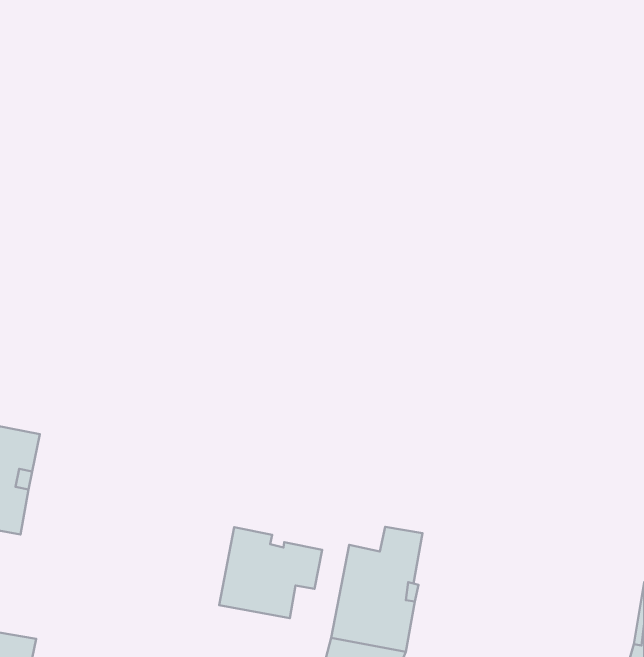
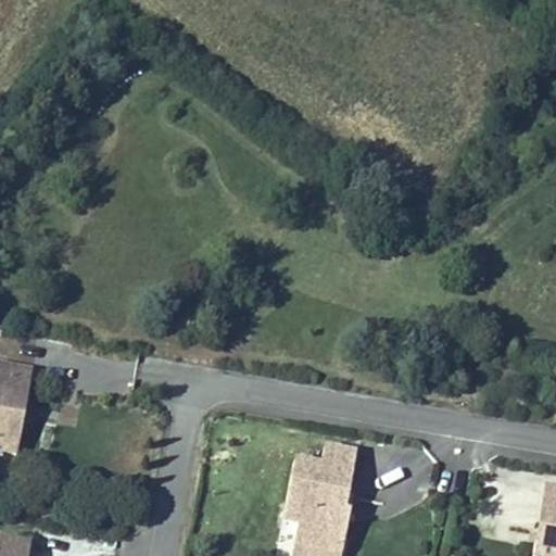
building: [219,527,322,618] -> none

